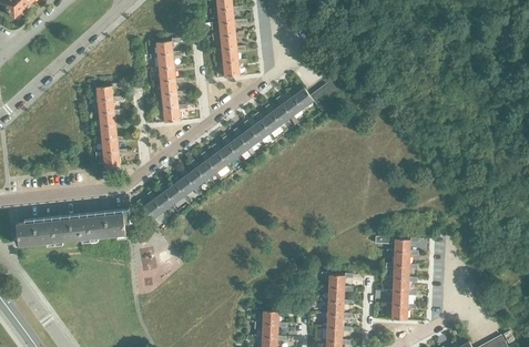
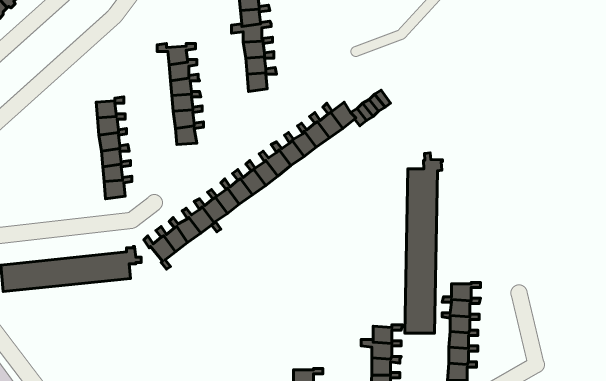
building: none -> [405,153,443,333]

